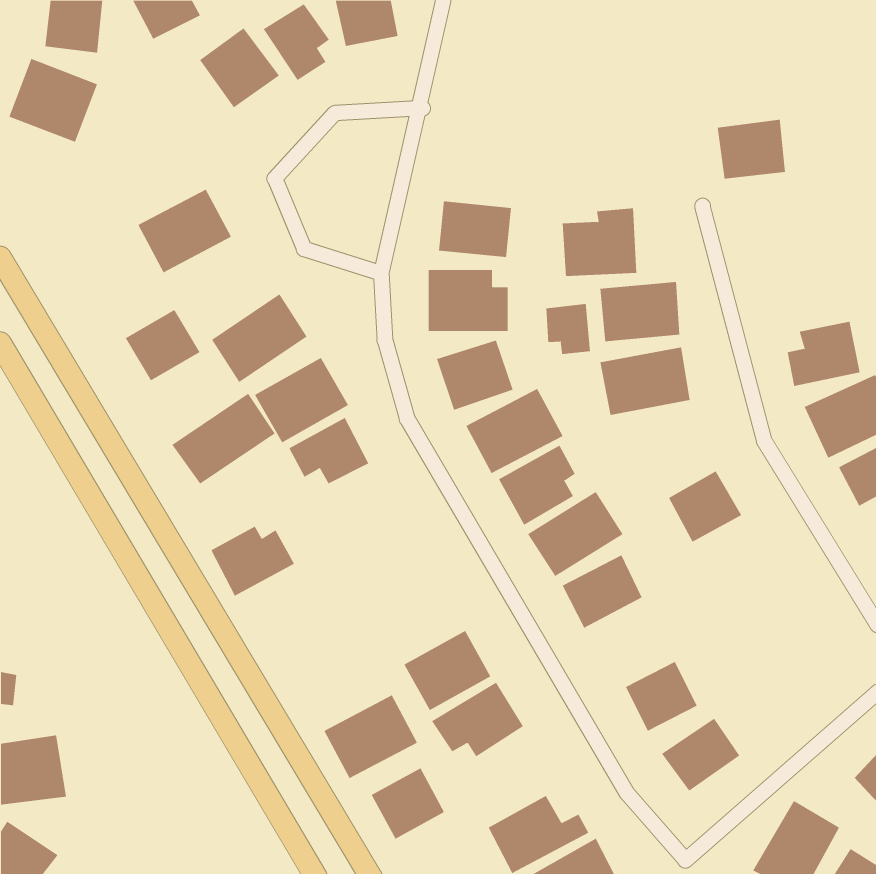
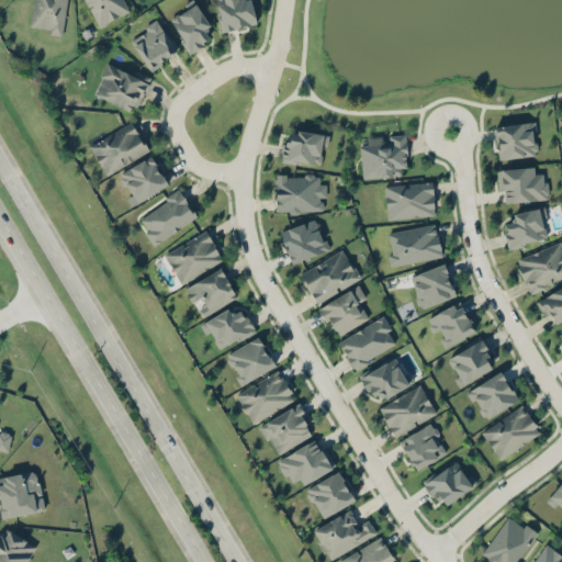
building: [8,58,98,142] -> [93,60,150,114]
building: [717,119,786,179] -> [495,122,539,160]
building: none -> [498,168,549,204]
building: [546,303,591,355] -> none
building: [125,309,200,381] -> [120,157,168,203]
building: [172,393,275,484] -> none
building: none -> [409,266,456,308]
building: none -> [226,337,276,385]
building: [211,526,295,596] -> [202,308,256,353]
building: none -> [446,339,497,387]
building: none -> [468,372,519,422]
building: none -> [379,385,437,439]
building: none -> [482,405,541,461]
building: [323,695,418,779] -> [236,371,296,425]
building: [371,767,445,840] -> [307,472,355,518]

